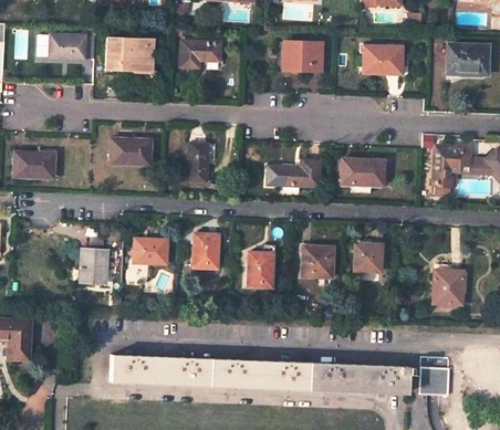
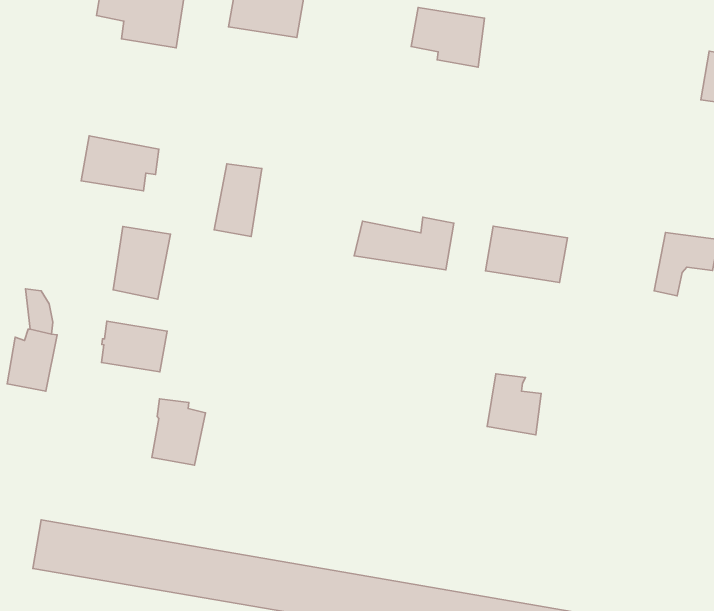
building: [363,45,405,74] -> none
building: none -> [113,226,171,299]
building: [192,233,219,268] -> [152,399,205,465]
building: [302,245,333,275] -> none
building: [247,252,273,286] -> none
building: [433,262,463,304] -> none

